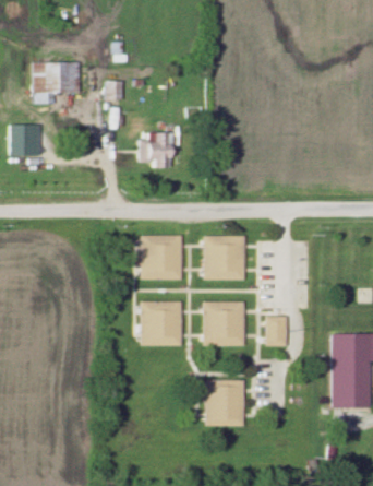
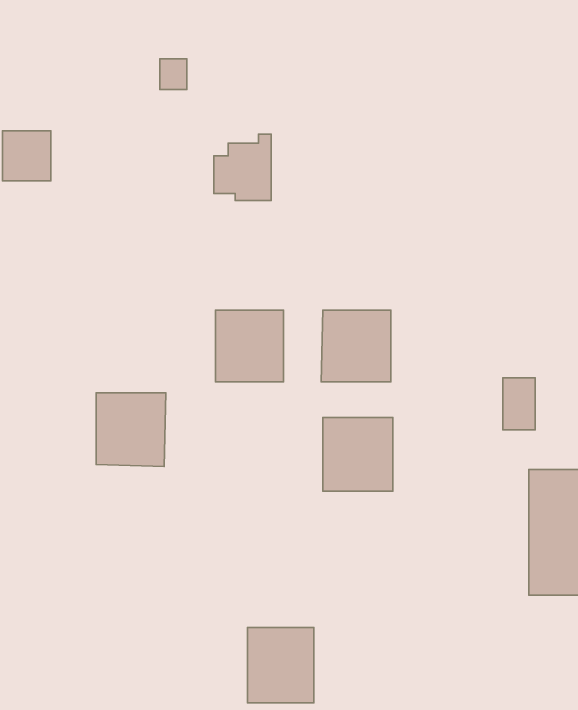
building: [34,62,80,105] -> none
building: [141,300,183,345] -> [96,393,166,466]
building: [268,315,288,346] -> [503,378,535,430]
building: [206,380,246,426] -> [247,627,314,703]

